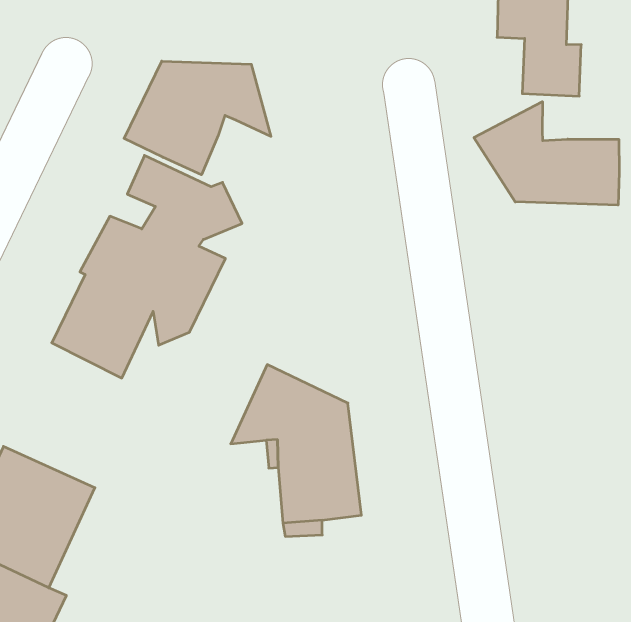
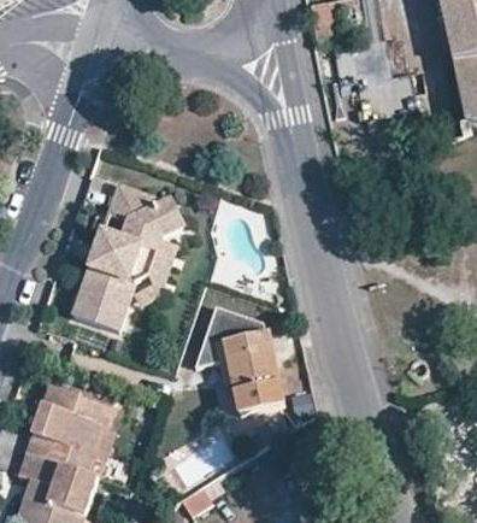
building: [124,61,271,175] -> none
building: [474,102,619,205] -> none

